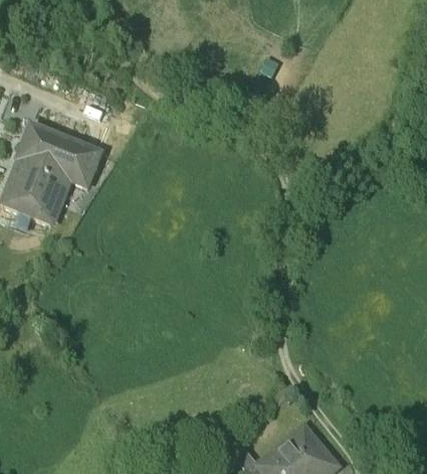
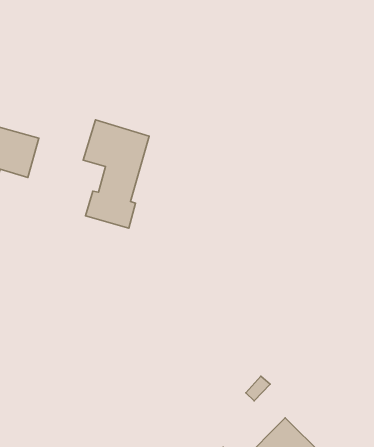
building: none -> [83,120,149,228]

